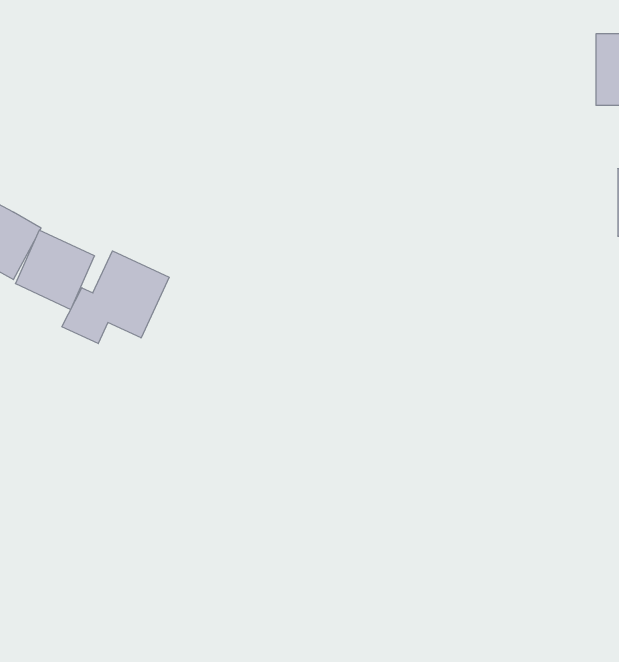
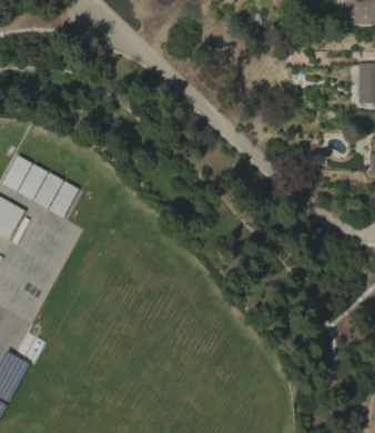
building: [62,251,169,344] -> none

